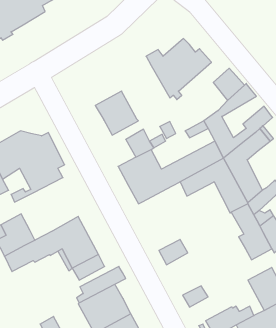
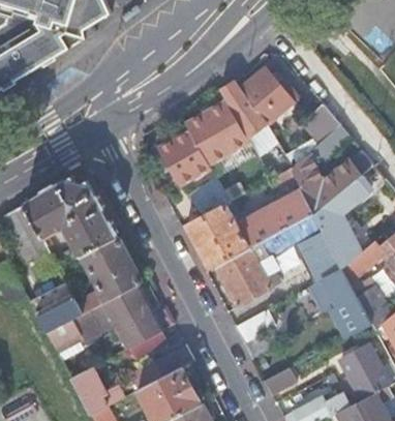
building: none -> [183,99,248,164]
building: none -> [77,236,141,312]
building: none -> [213,246,277,306]
building: none -> [69,367,122,415]

